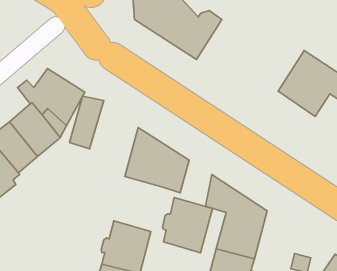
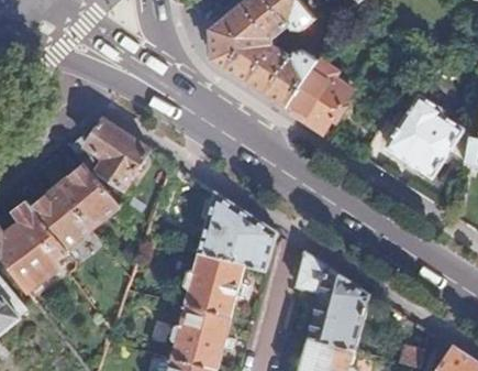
building: none -> [286,61,347,132]
building: [69,96,104,149] -> none
building: [162,198,212,253] -> [185,251,245,318]

